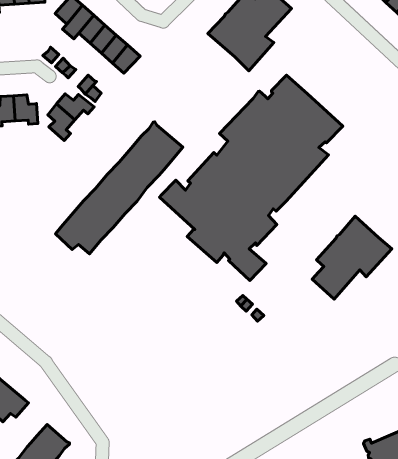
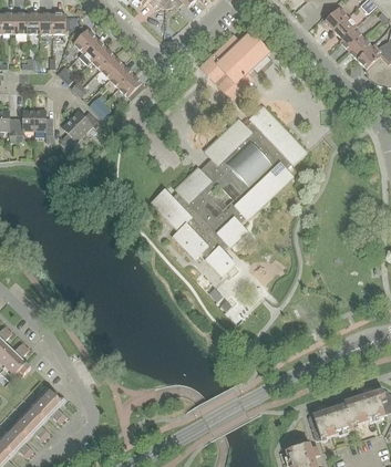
building: [55,122,183,254] -> none
building: [312,216,392,299] -> none

